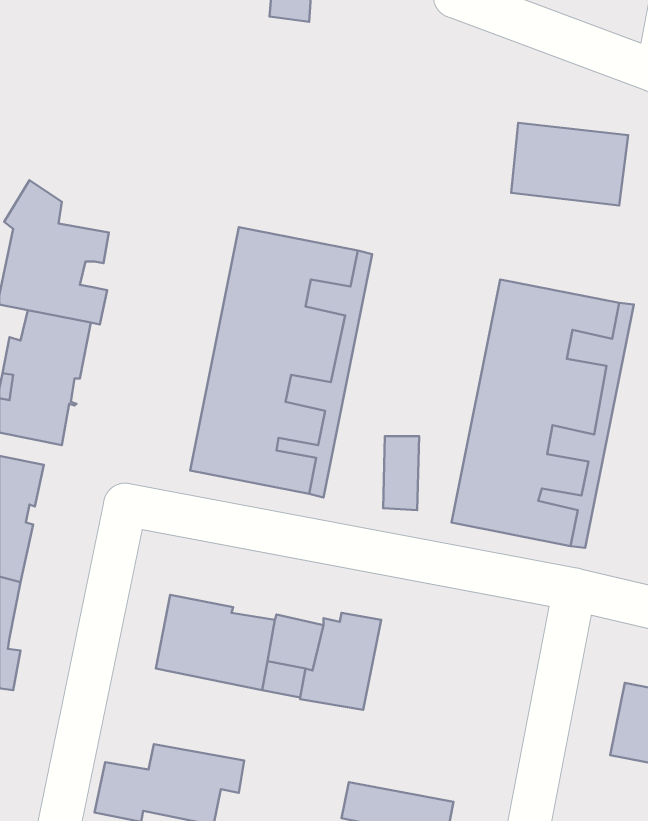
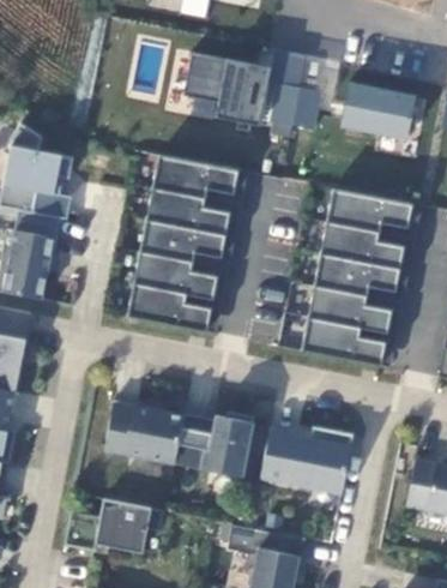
building: none -> [183,52,330,131]
building: none -> [260,427,354,492]

